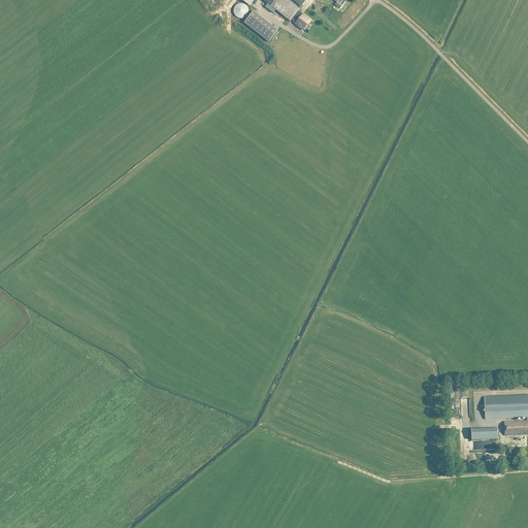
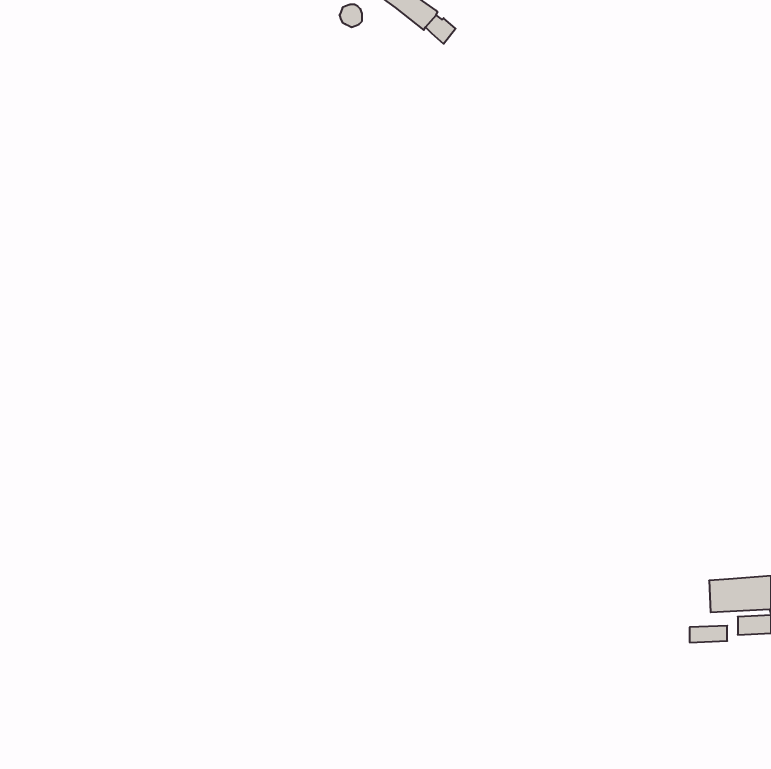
building: [244,10,277,41] -> none

